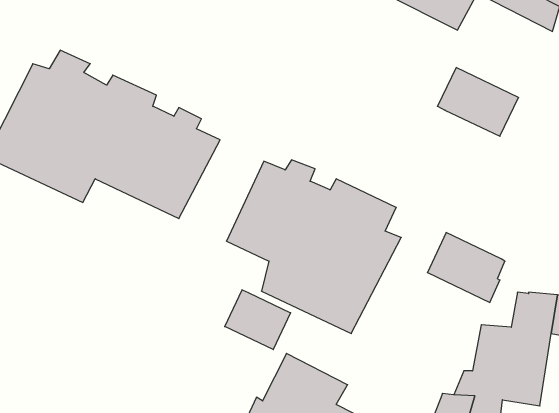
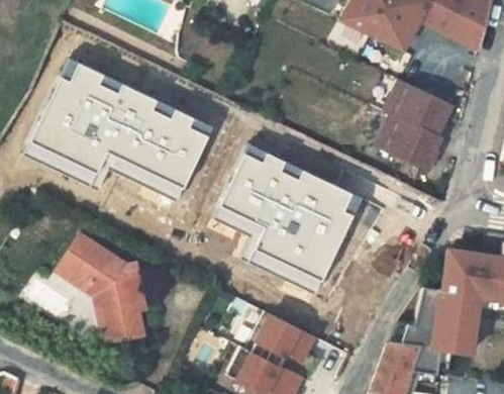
building: [427,233,505,302] -> [378,113,440,170]
building: none -> [48,227,155,348]
building: [225,290,291,350] -> none

